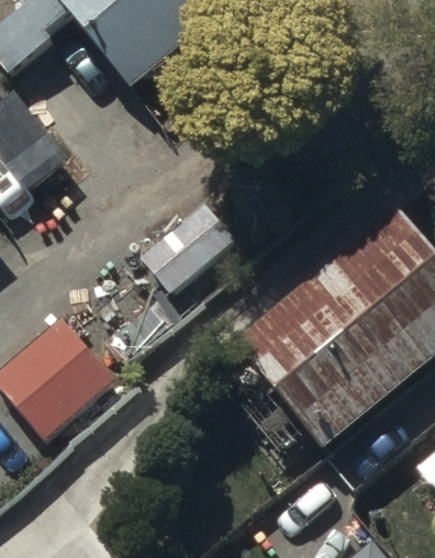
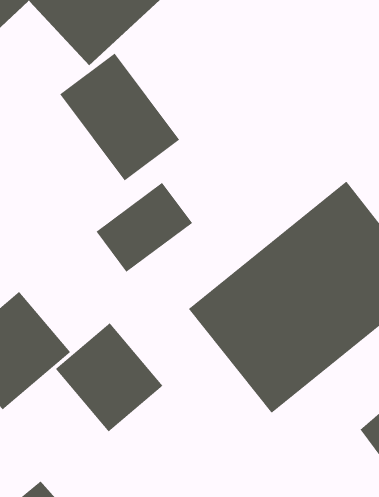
building: none -> [59,52,180,181]
building: none -> [55,322,164,432]

